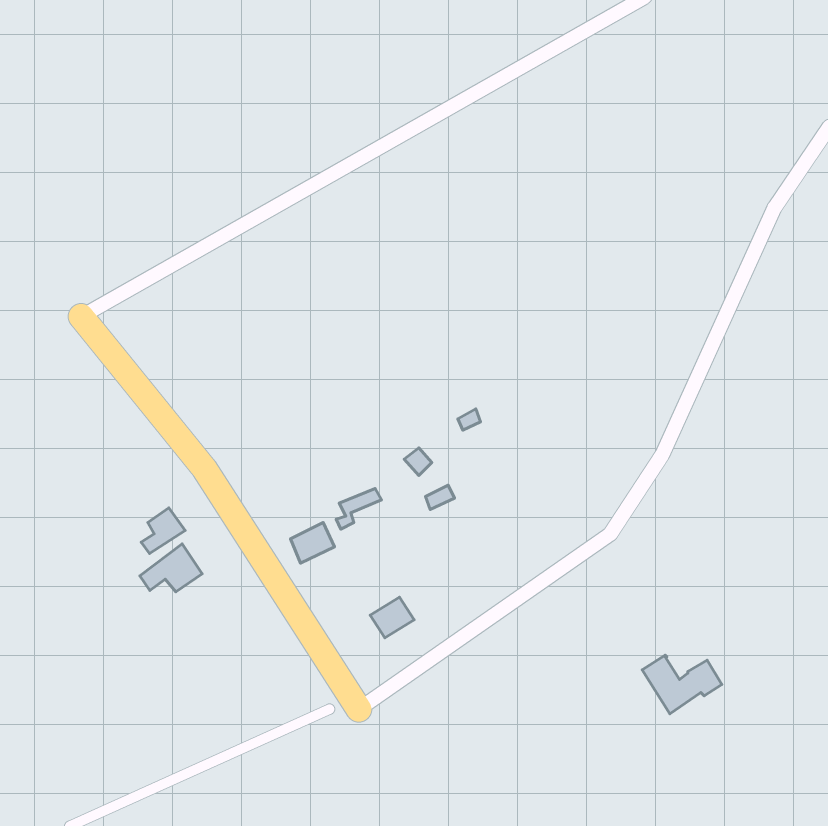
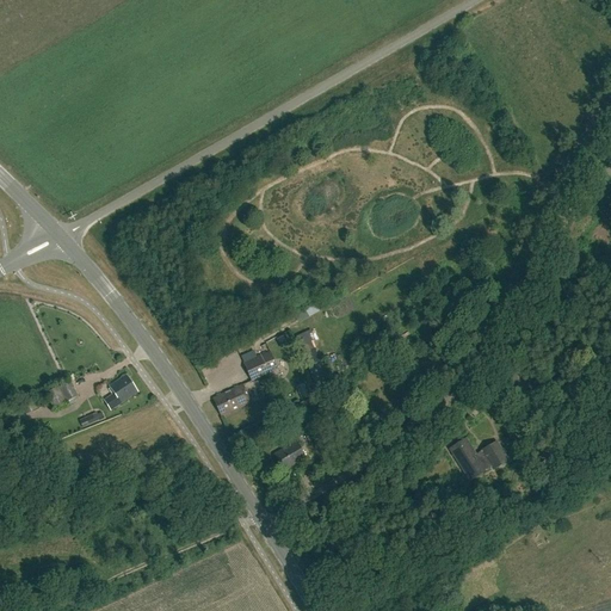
building: [140,544,202,592] -> none
building: [642,655,722,714] -> [450,437,508,480]

